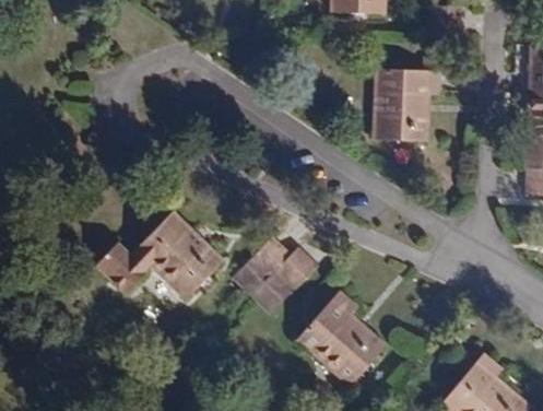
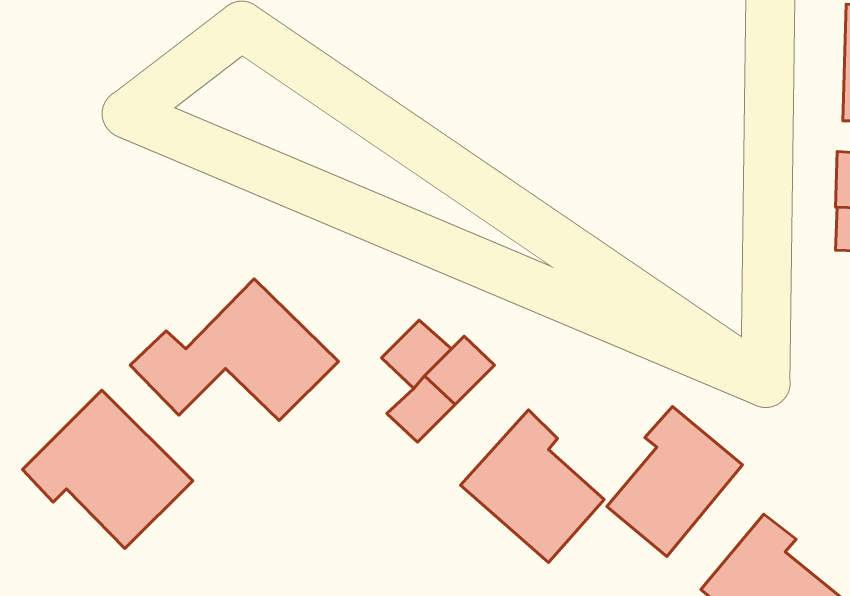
building: [376,56,440,141] -> none
building: none -> [23,390,193,548]
building: none -> [607,407,743,556]

